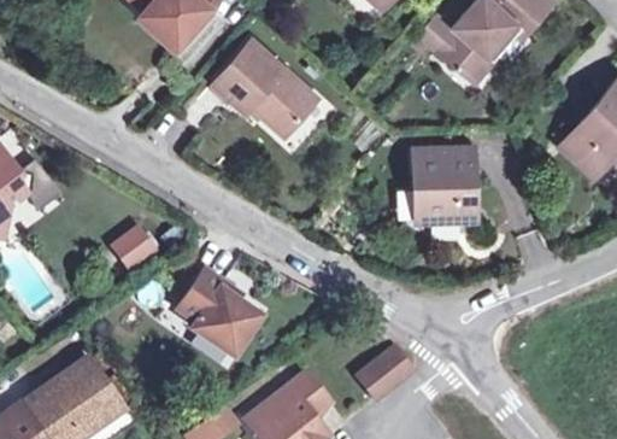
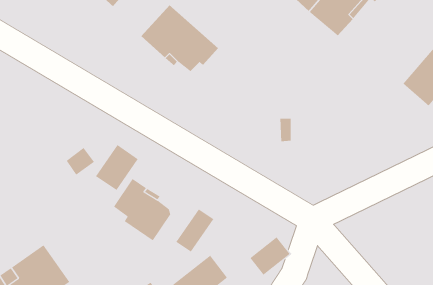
building: [413,146,476,221] -> none
building: none -> [95,144,139,191]
building: none -> [176,208,214,253]

